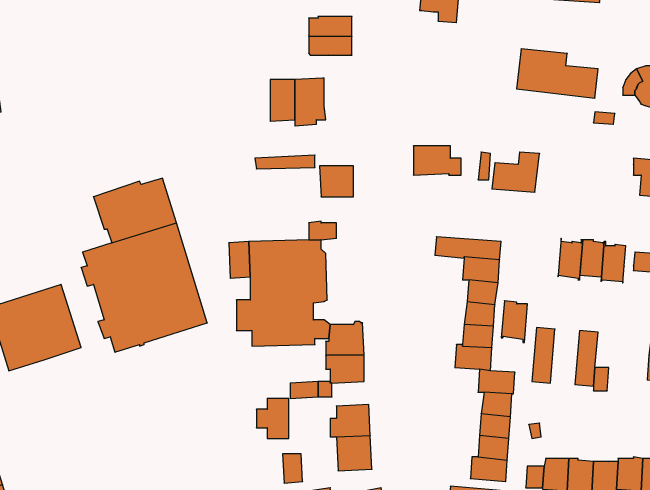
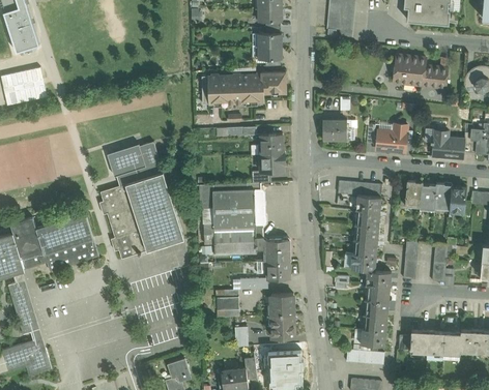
building: none -> [260,71,286,93]
building: none -> [201,76,227,108]
building: none -> [432,130,464,157]
building: none -> [259,153,285,172]
building: [501,301,527,342] -> [404,180,422,208]

